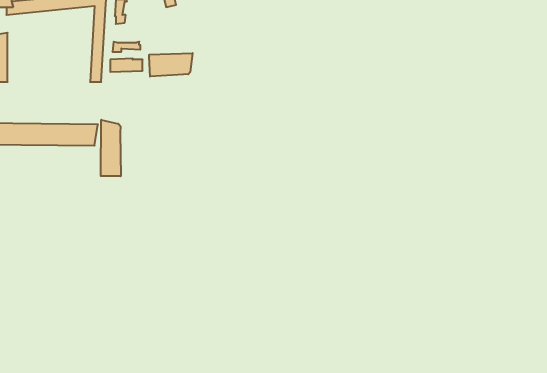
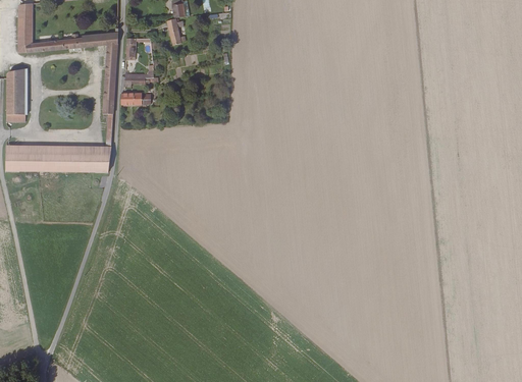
building: [149,53,193,77] -> none
building: [101,120,121,176] -> none

